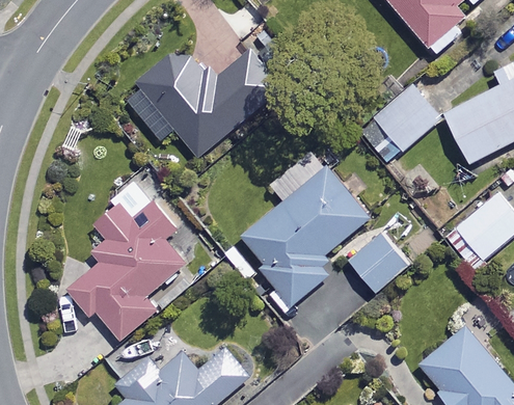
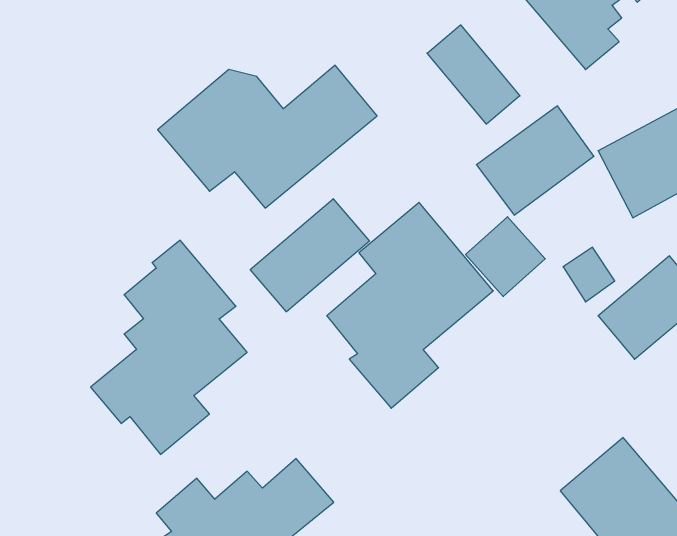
building: none -> [427,25,520,124]
building: none -> [250,199,369,312]
building: [349,233,408,292] -> [466,217,545,297]

